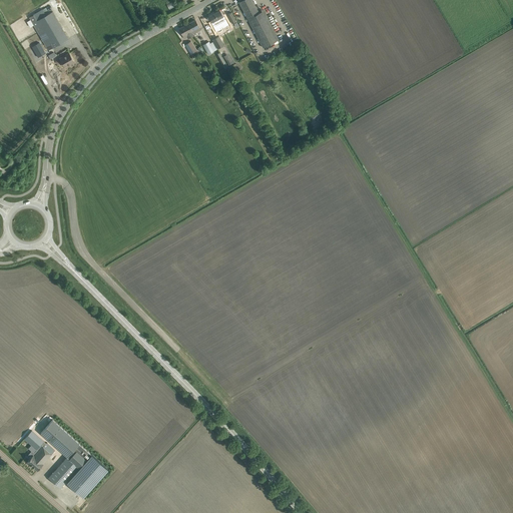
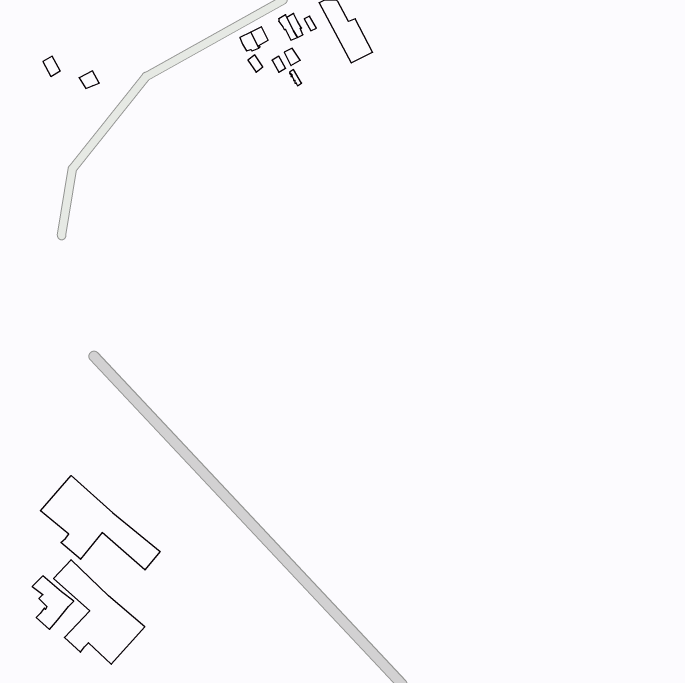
building: [29,9,68,51] -> none
building: none -> [40,476,160,570]

